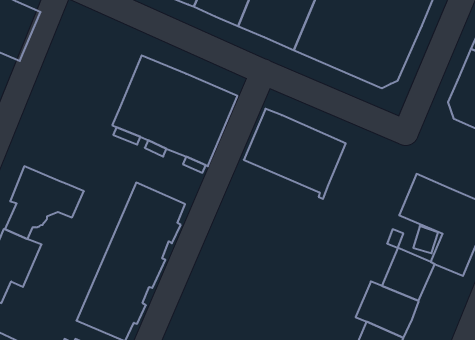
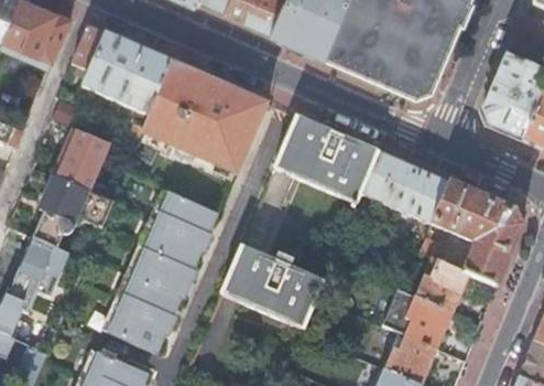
building: none -> [72,25,172,115]
building: none -> [53,128,109,190]
building: none -> [361,151,450,224]
building: none -> [222,246,324,329]

